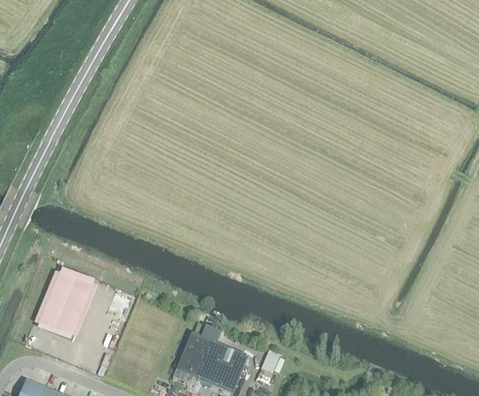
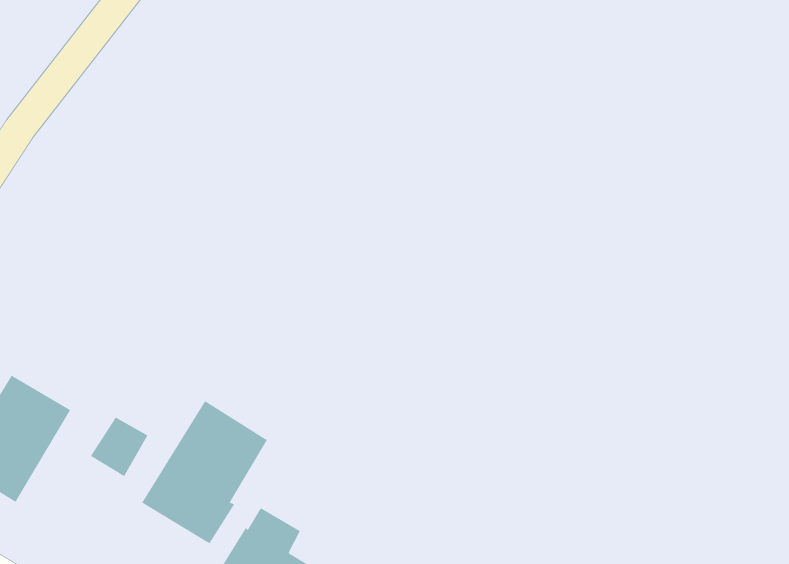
building: none -> [141,400,269,544]

